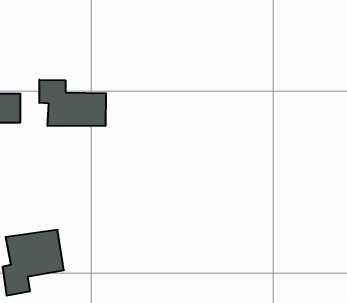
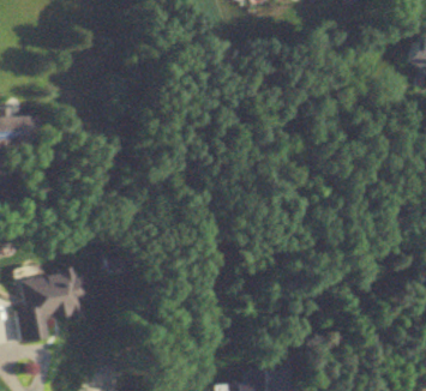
building: [39,80,106,126] -> none

